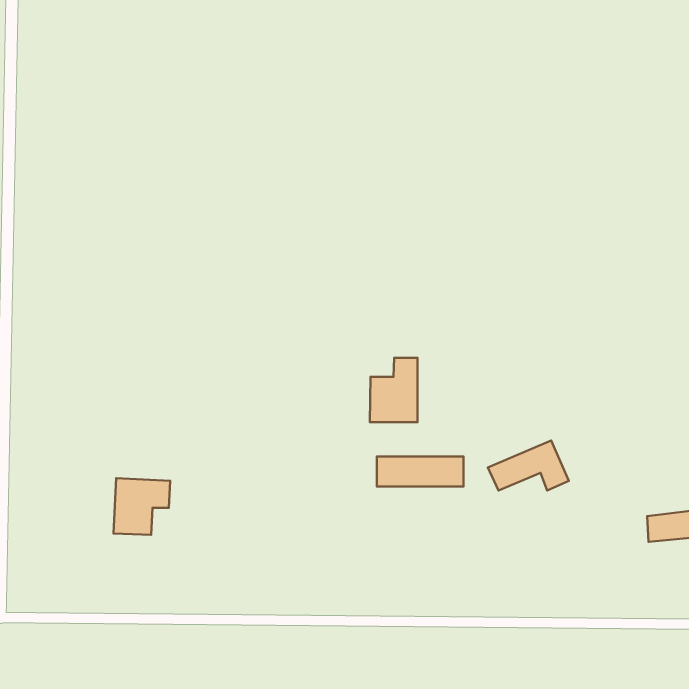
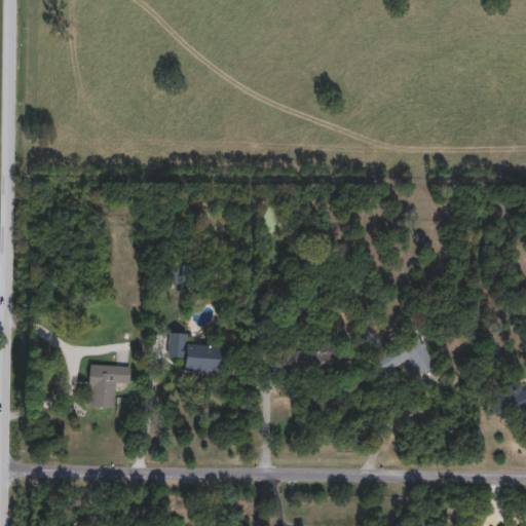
building: [370,358,418,422] -> none
building: none -> [167,331,224,374]

